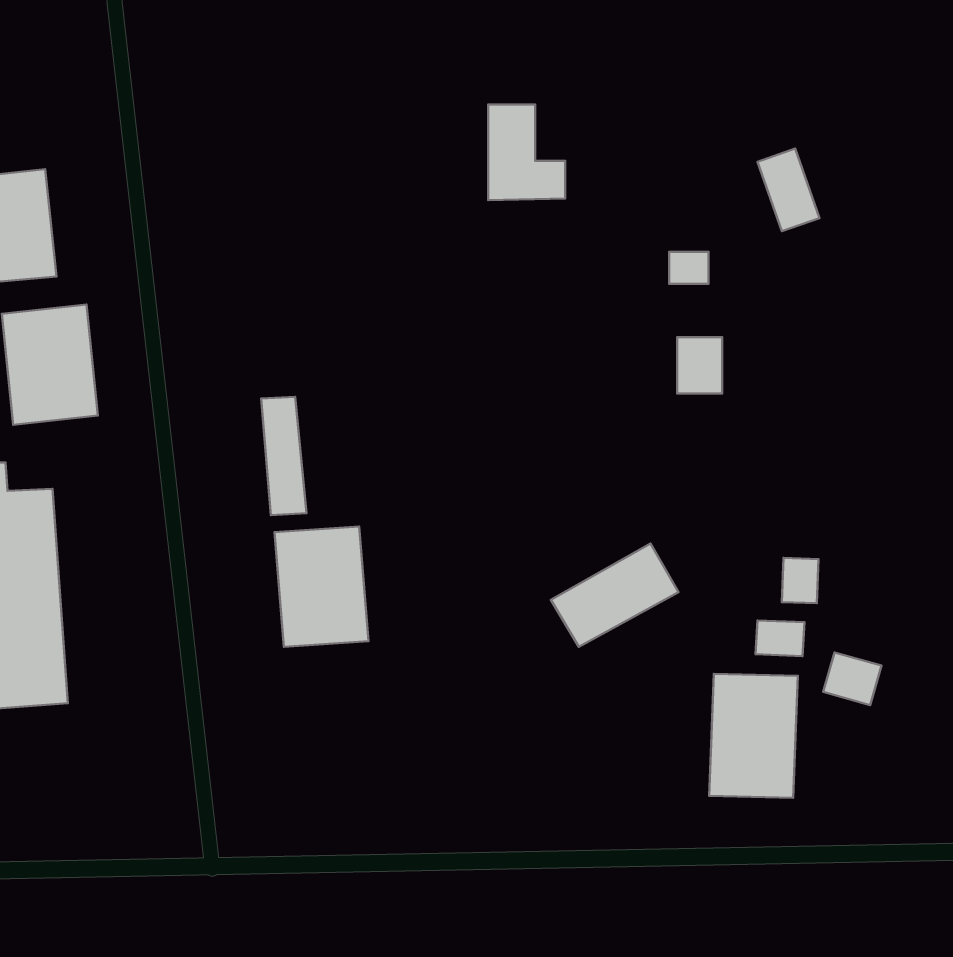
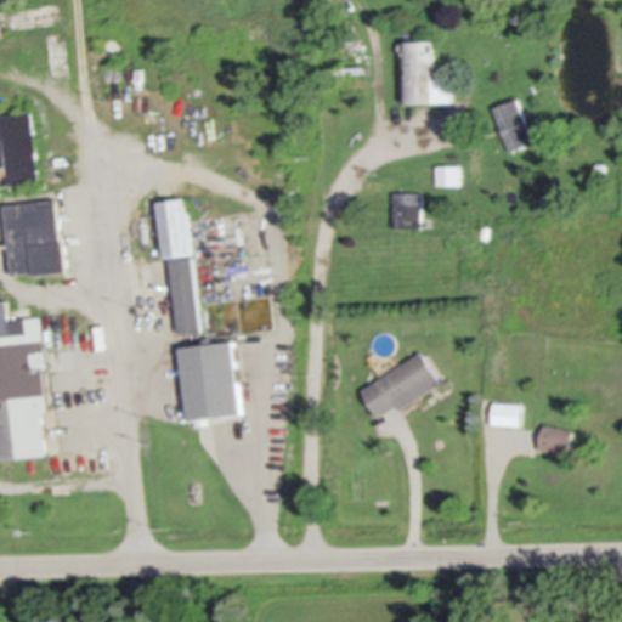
building: [488,104,565,200] -> [398,41,448,103]
building: none -> [154,199,187,258]
building: [677,337,722,394] -> [389,193,418,230]
building: [782,558,818,603] -> none
building: [709,674,798,798] -> none

